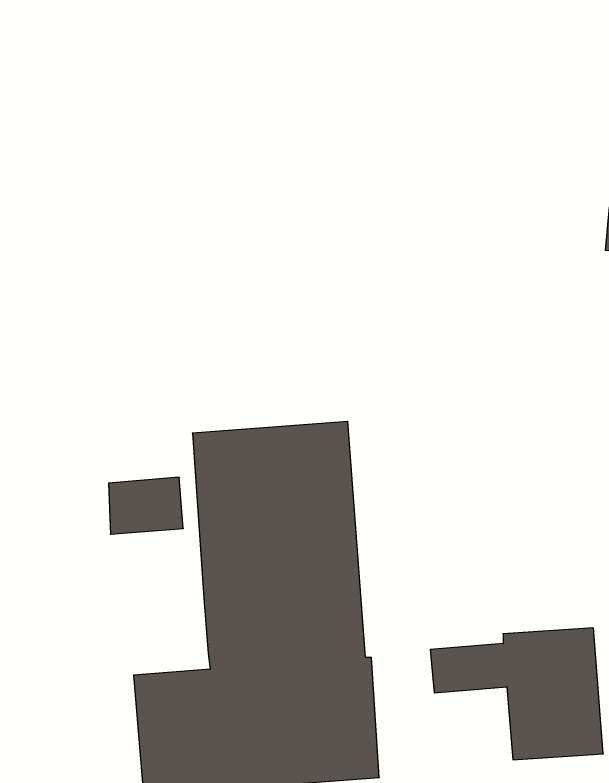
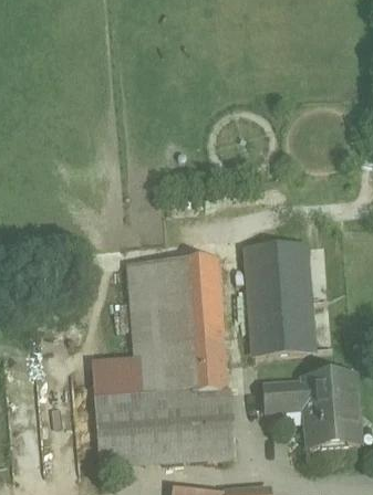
building: none -> [250,249,313,350]
building: [109,477,183,534] -> [97,358,139,390]

